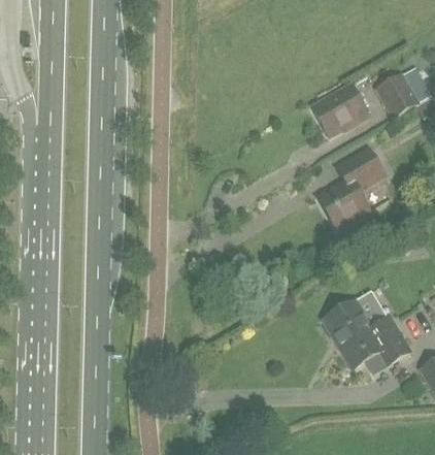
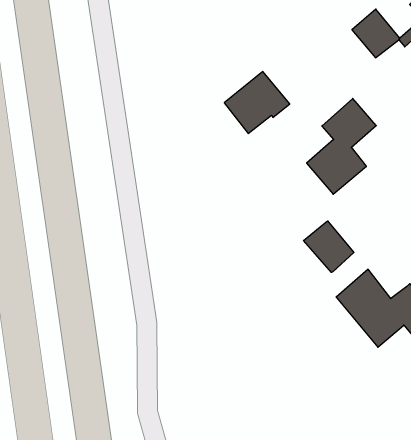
building: [311,82,368,133] -> [224,72,290,133]
building: none -> [304,221,354,272]

